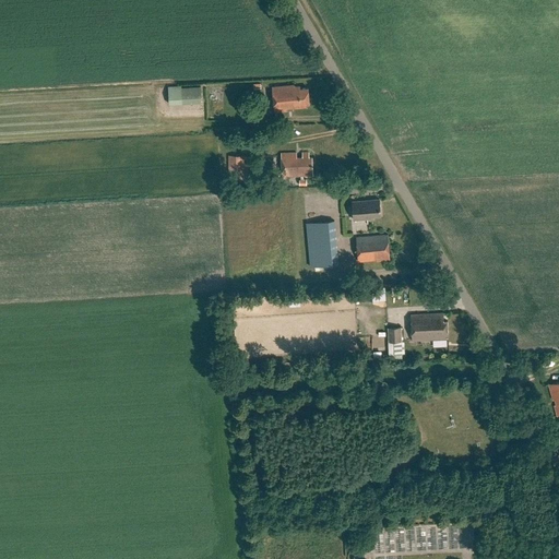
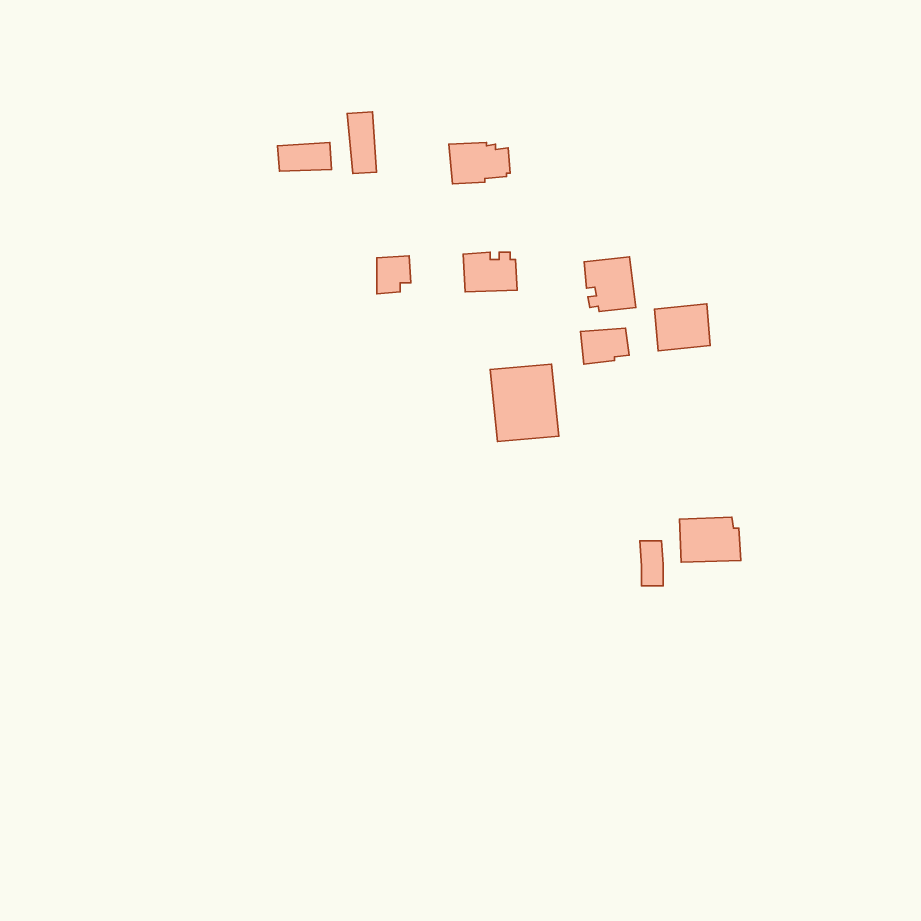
building: none -> [347,112,376,174]
building: none -> [584,257,636,311]
building: [356,235,390,263] -> [654,304,710,351]

